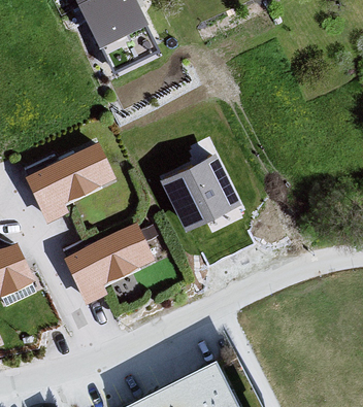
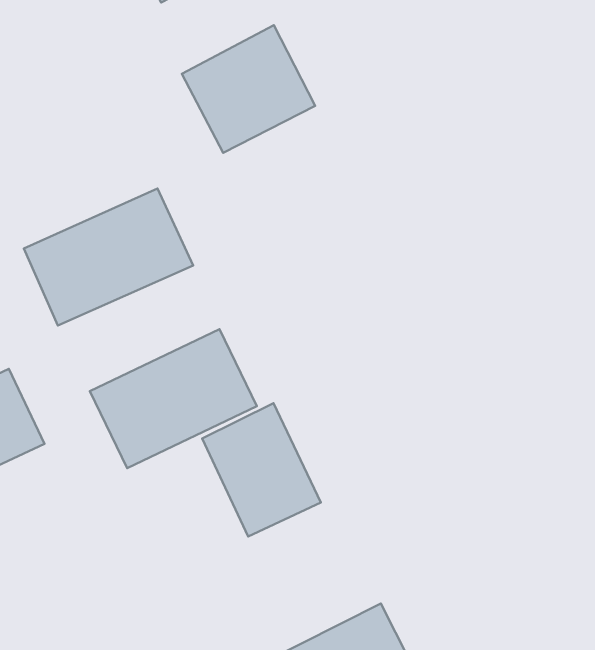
building: [163,154,236,224] -> [182,25,315,153]
building: none -> [202,403,321,537]

